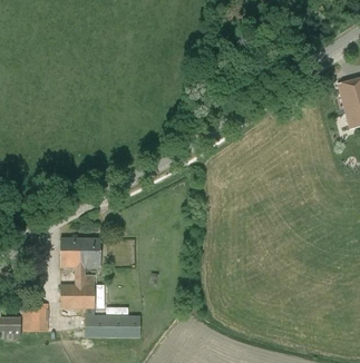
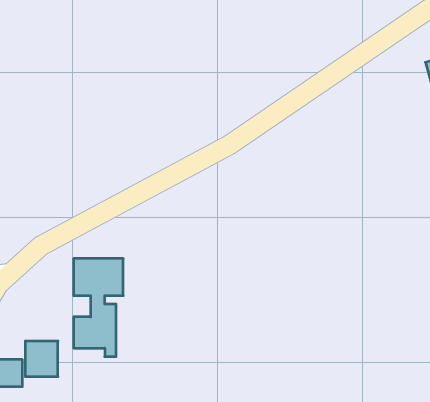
building: [85,315,140,337] -> none

